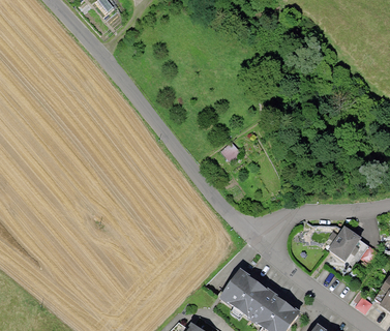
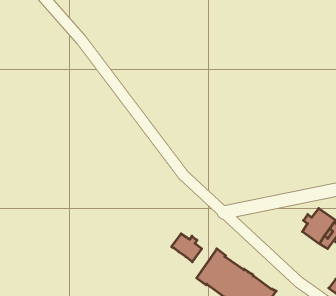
building: none -> [172,234,202,262]

